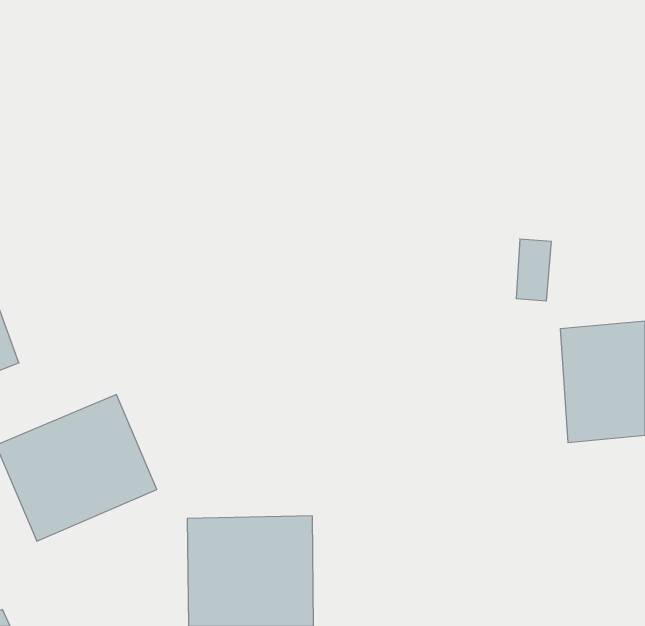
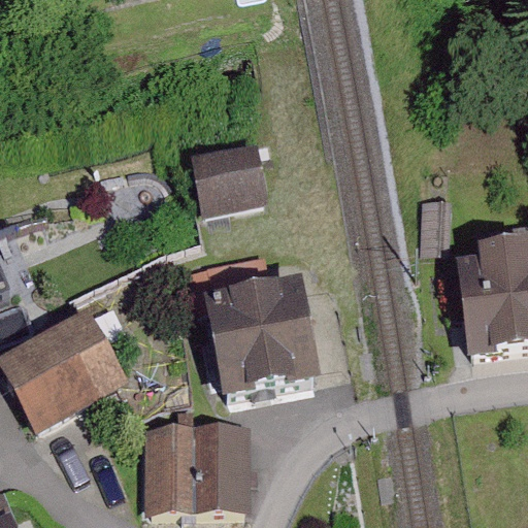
building: none -> [193,151,266,211]
building: none -> [204,287,319,406]

